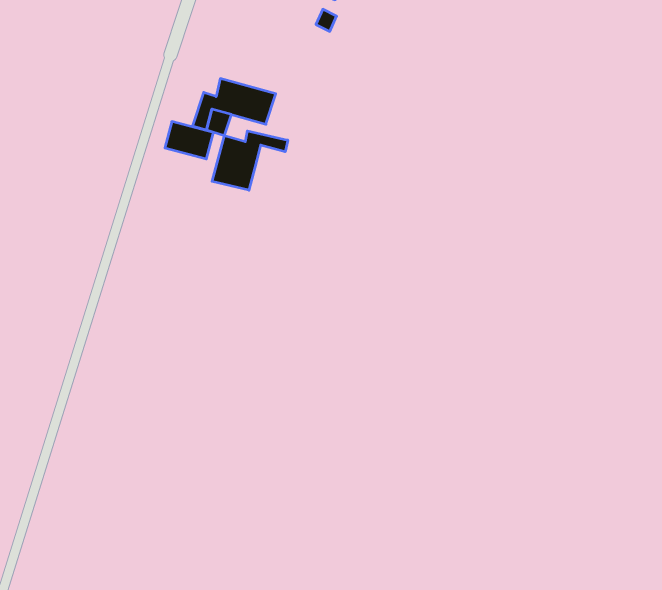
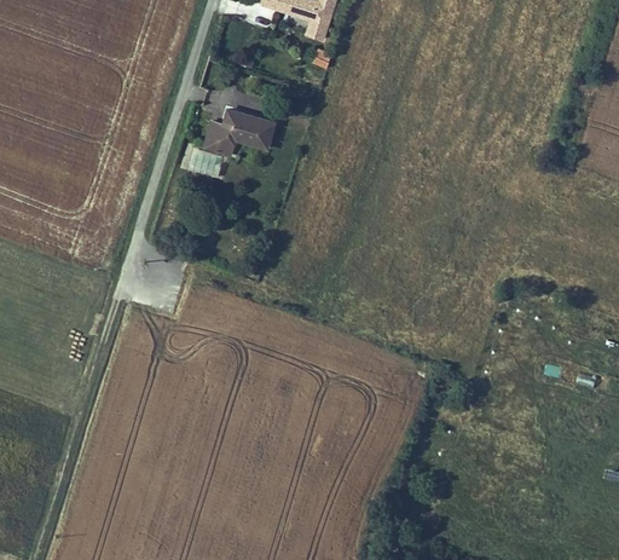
building: [212,131,288,190] -> none

